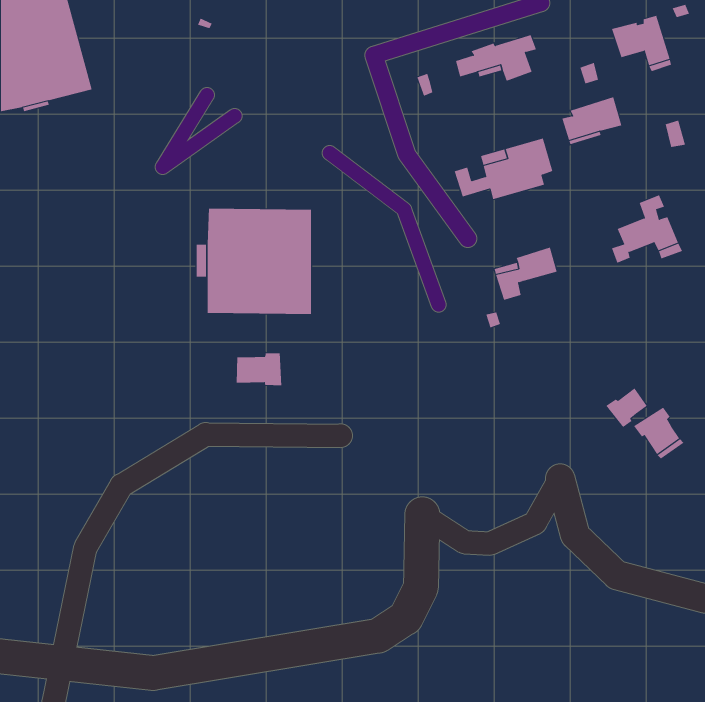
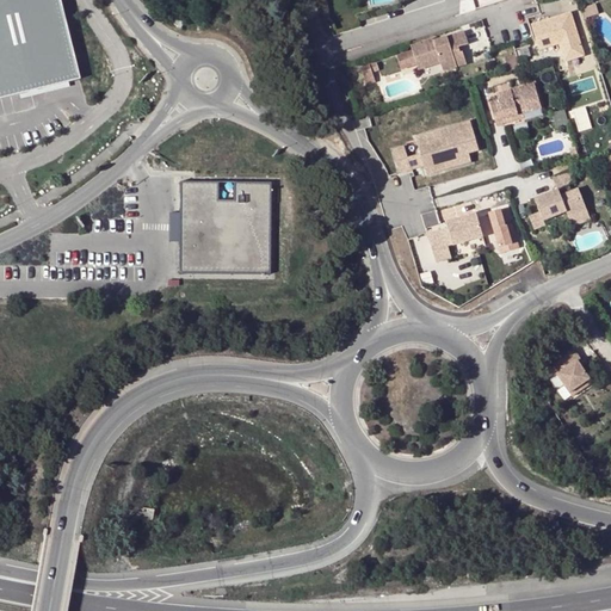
building: none -> [489,209,519,254]
building: [236,352,282,386] -> none
building: [605,387,648,428] -> none

